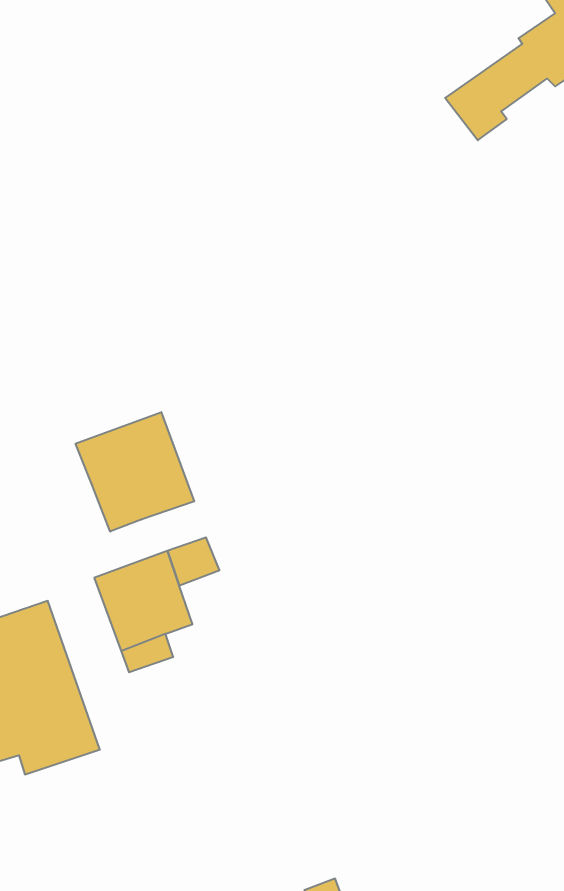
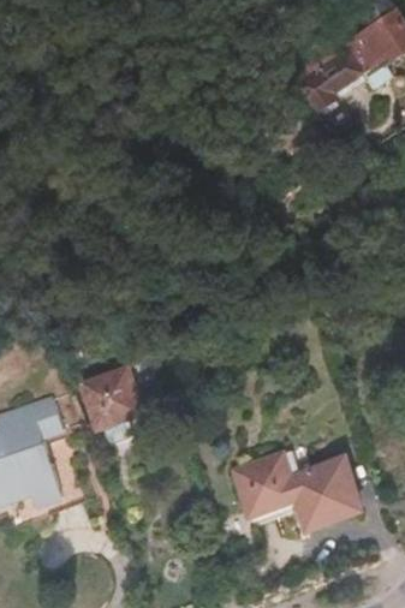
building: [76,412,194,532] -> none
building: none -> [228,454,359,530]

